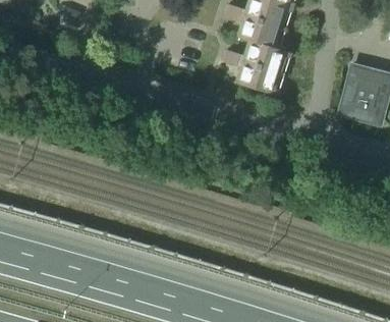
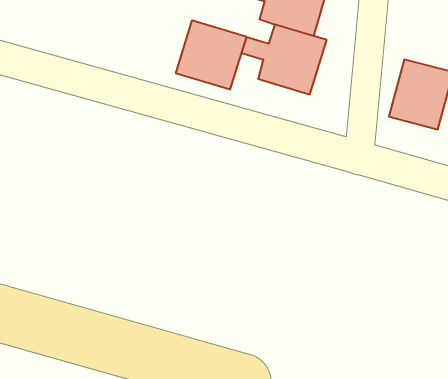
building: none -> [176,20,246,90]

